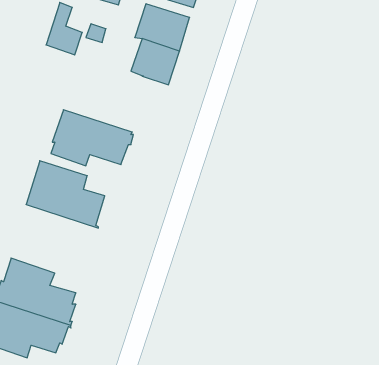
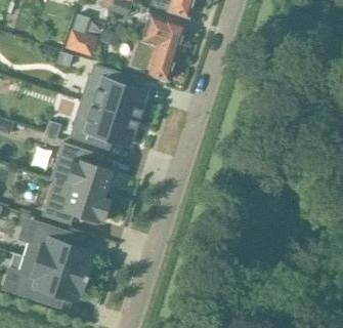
building: none -> [82,65,146,119]
building: none -> [43,178,111,223]

